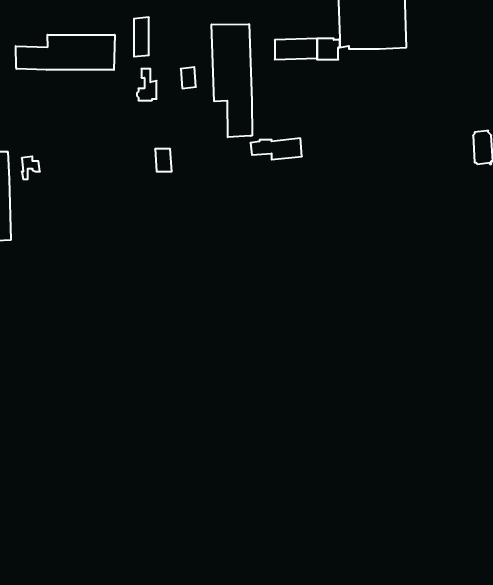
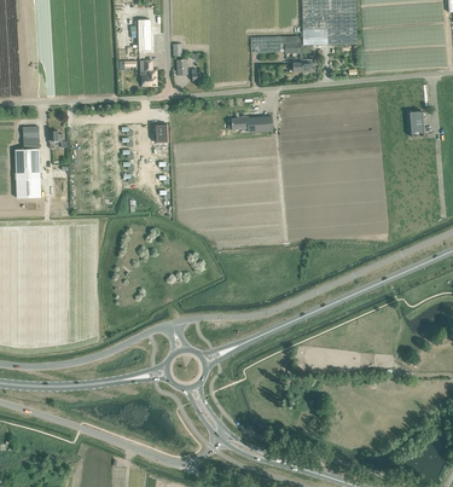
building: [212,24,252,137] -> none
building: [16,35,115,70] -> none

